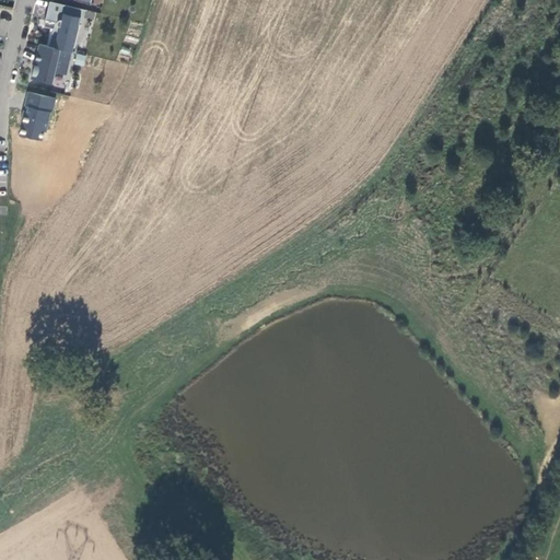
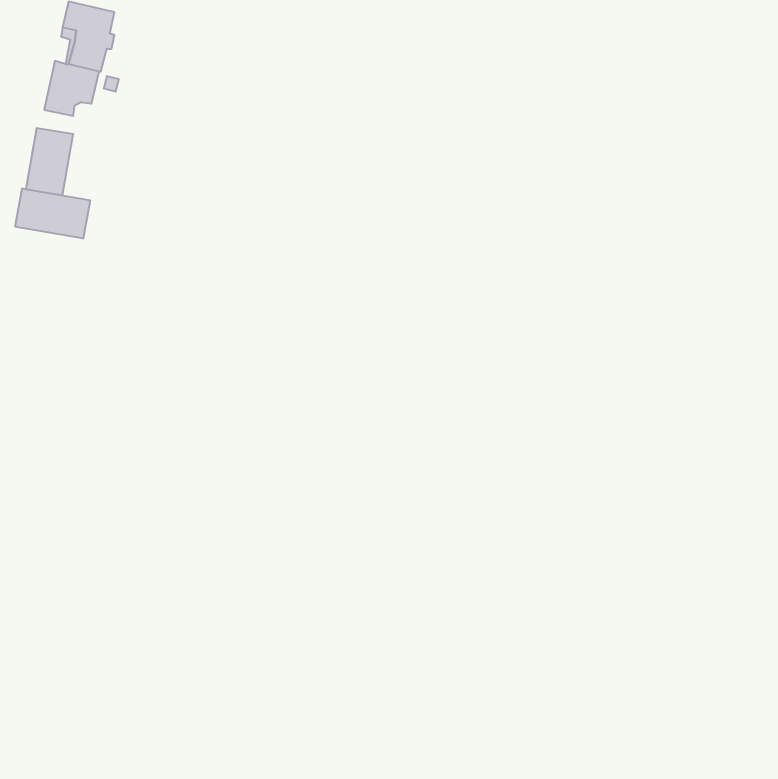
building: none -> [15,188,90,239]

